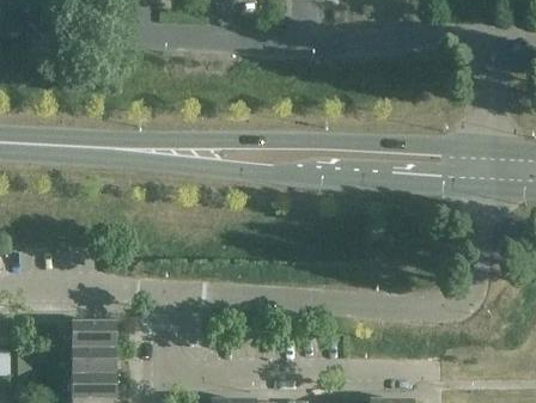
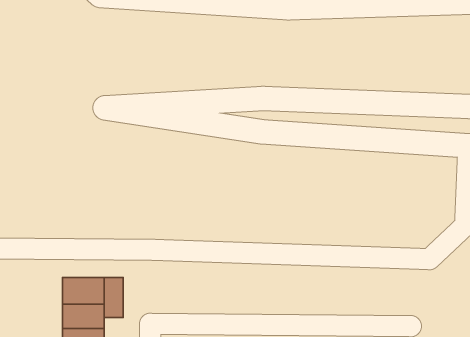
building: none -> [104,278,123,317]

